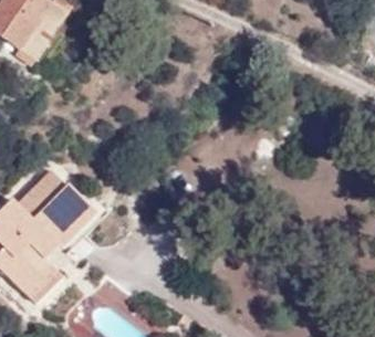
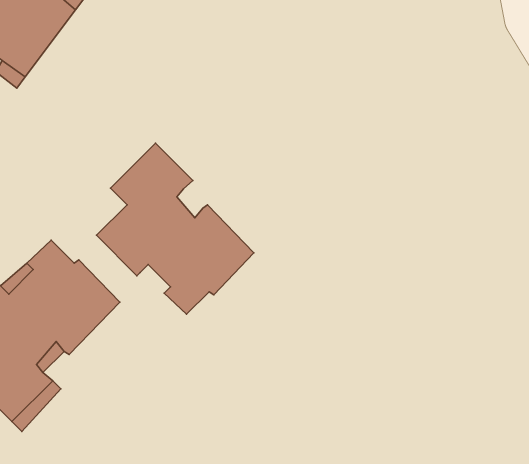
building: none -> [97,143,254,314]

